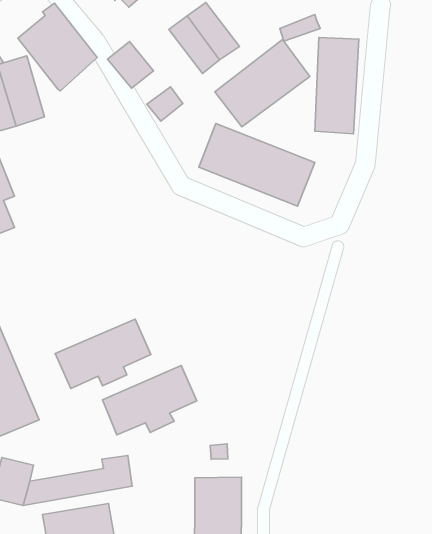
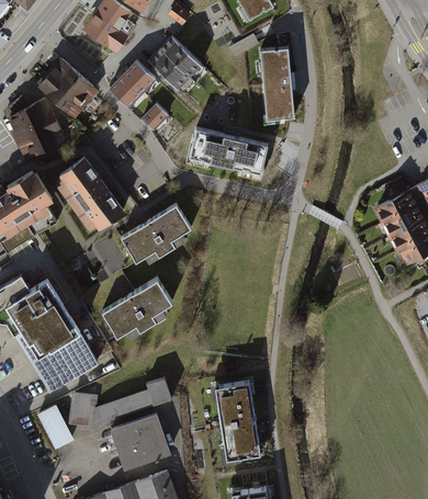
building: none -> [121,59,155,93]
building: [215,40,310,127] -> none
building: none -> [56,156,126,230]
building: [103,365,197,435] -> [123,204,192,262]

